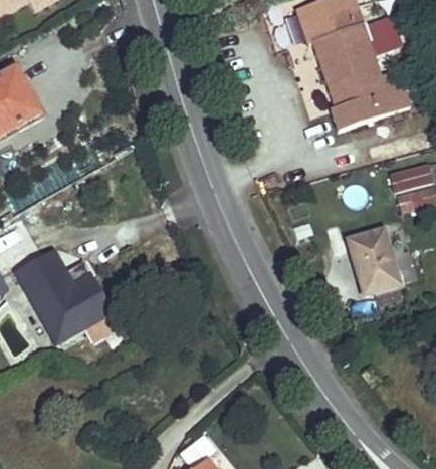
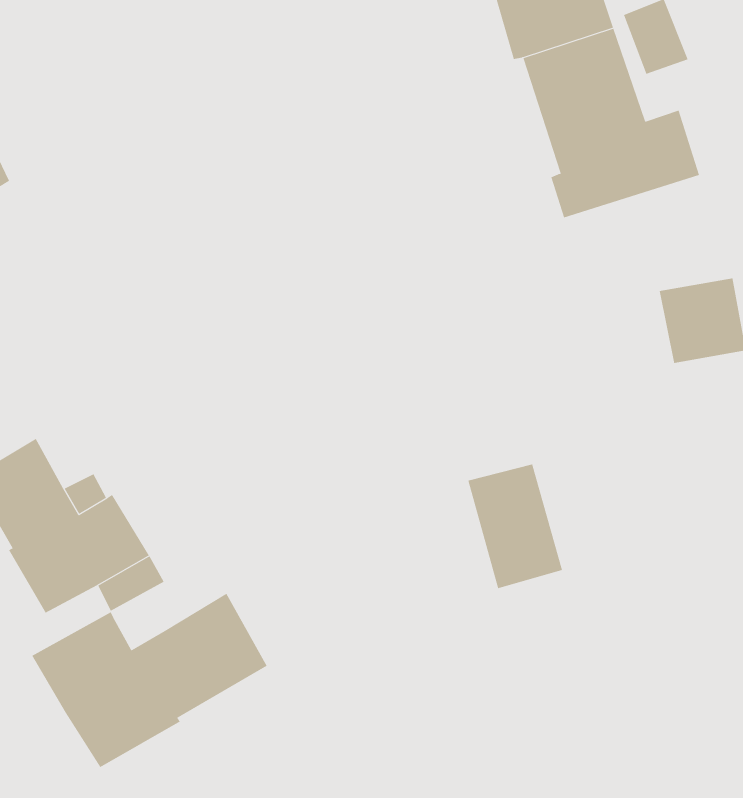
building: [349,229,400,296] -> [468,464,563,589]
building: none -> [31,593,268,768]

